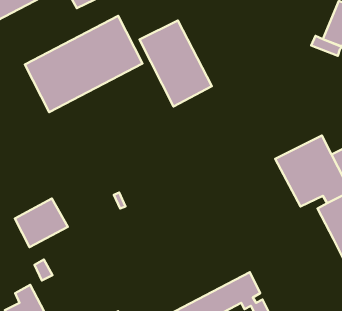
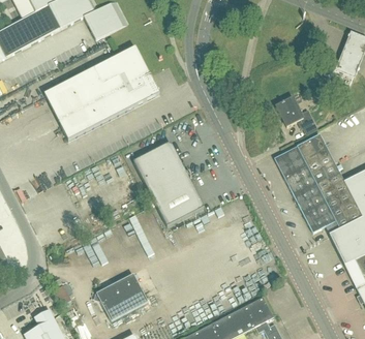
building: [140,21,212,106] -> [132,142,203,225]
building: none -> [276,97,313,127]
building: none -> [274,134,333,185]
building: [15,198,68,247] -> [96,273,148,320]

